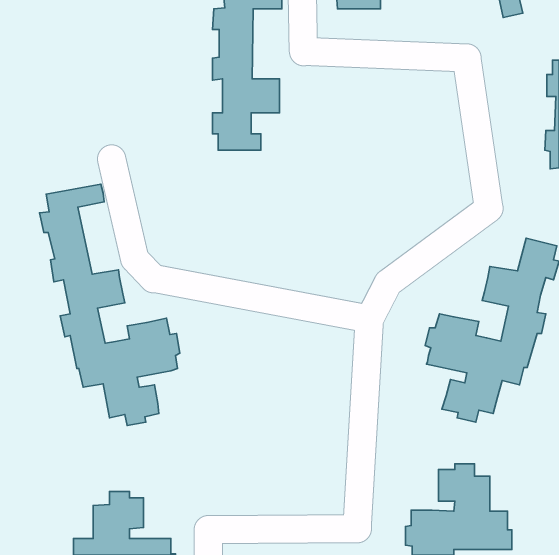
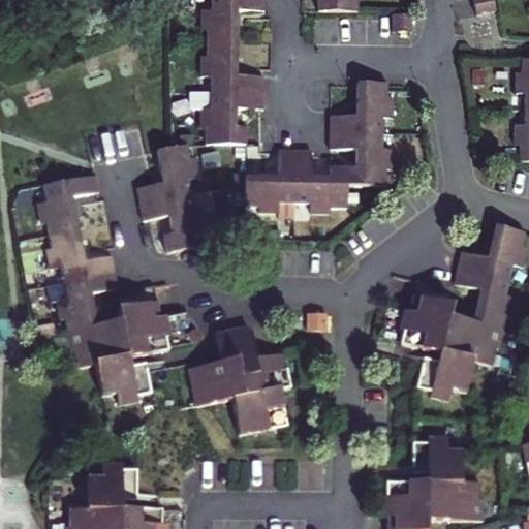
building: none -> [246,82,393,210]
building: none -> [138,144,210,251]
building: none -> [189,324,290,431]

